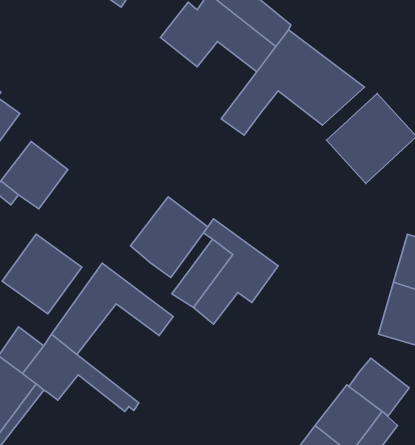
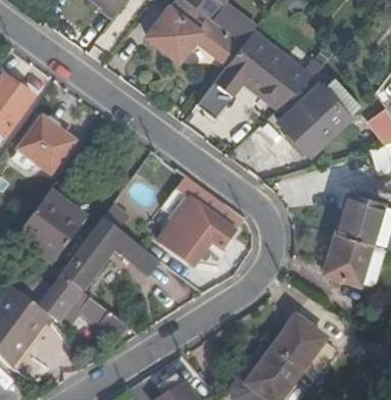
building: [130,197,208,277] -> none
building: [349,358,409,416] -> none

